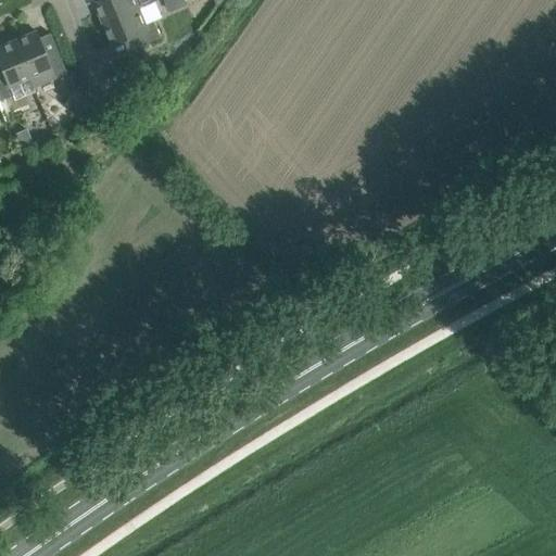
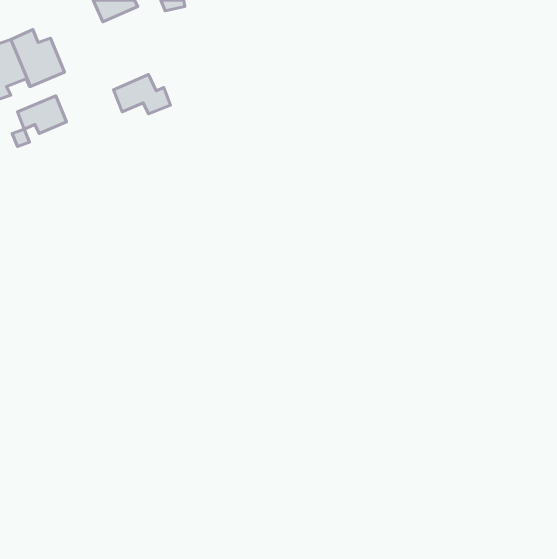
building: [102,7,159,46] -> [113,74,170,114]
building: none -> [17,96,67,133]

